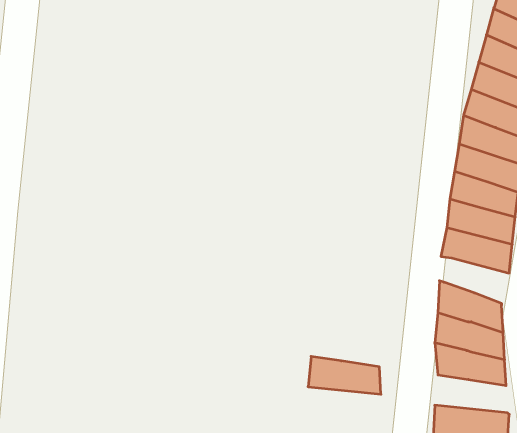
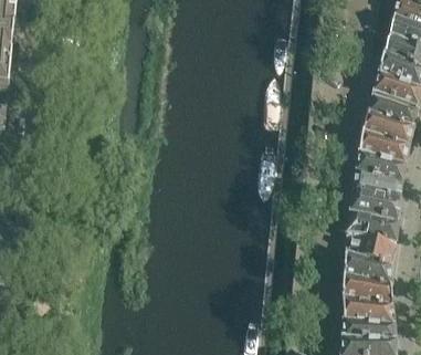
building: none -> [349,226,397,259]
building: [308,356,381,394] -> [343,311,396,338]

